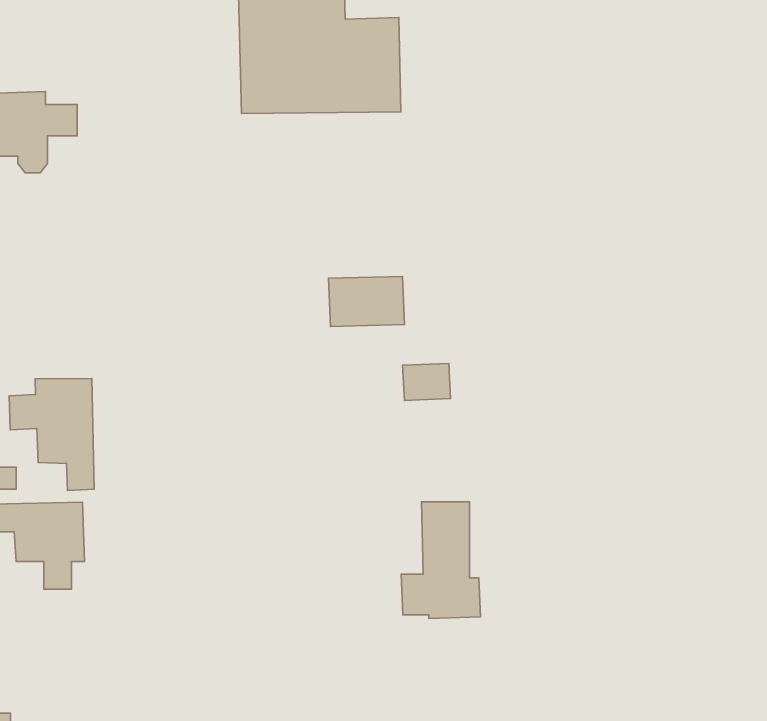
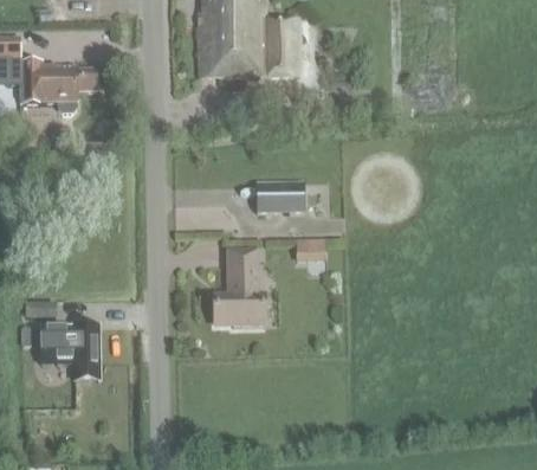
building: [9,378,94,490] -> none
building: [401,502,481,619] -> [213,251,264,326]

